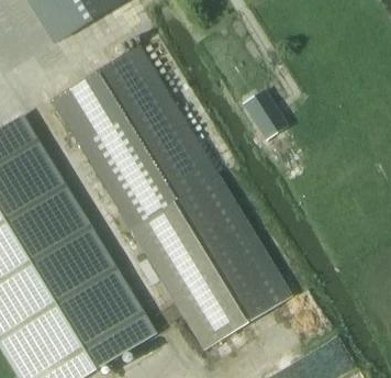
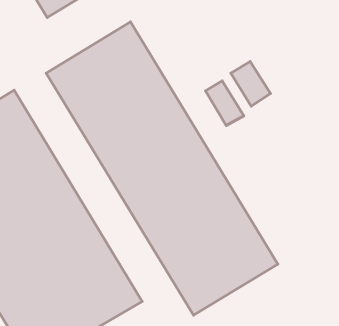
building: none -> [206,81,244,125]

